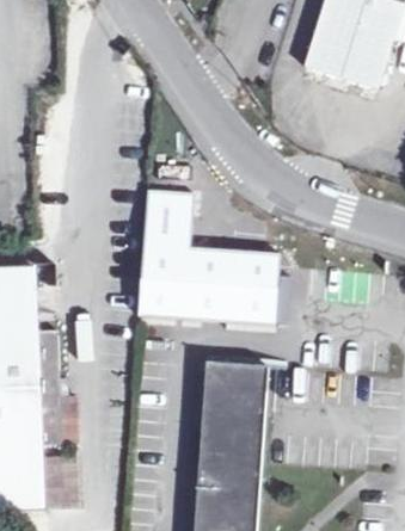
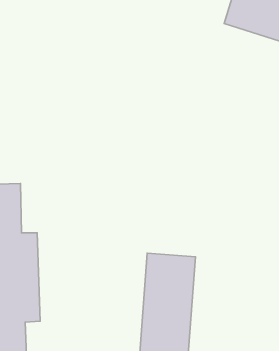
building: [137,189,278,325] -> none

